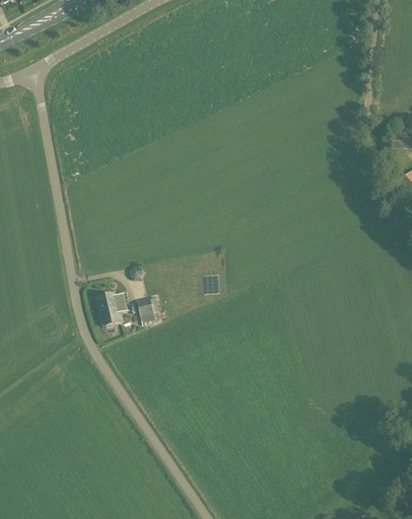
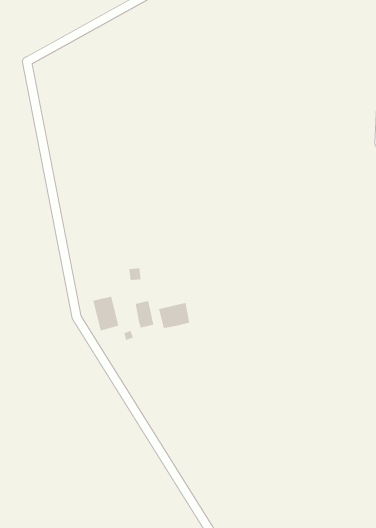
building: none -> [158,302,190,329]

